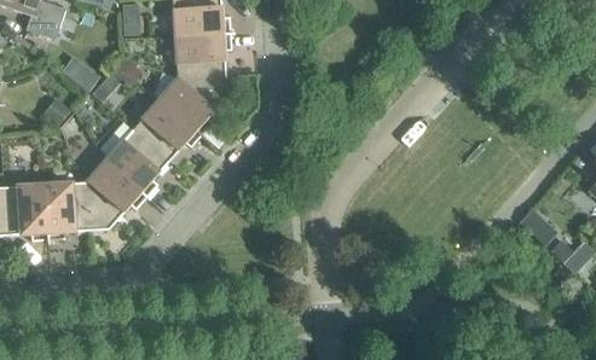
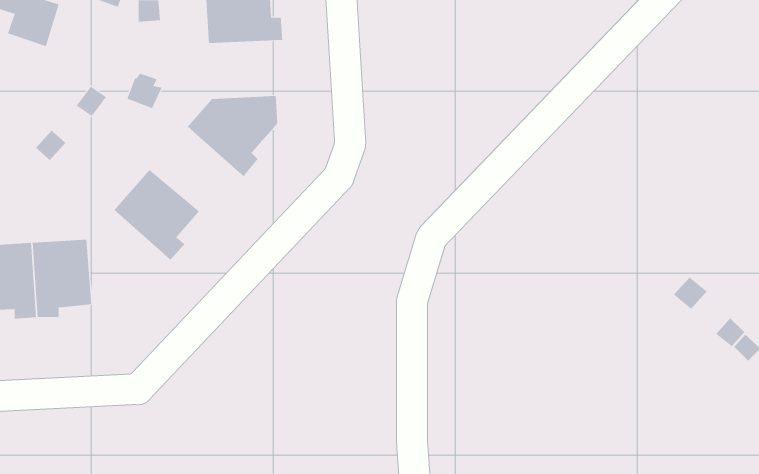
building: [174,34,231,77] -> none
building: [131,98,201,161] -> none
building: [85,159,146,230] -> none

